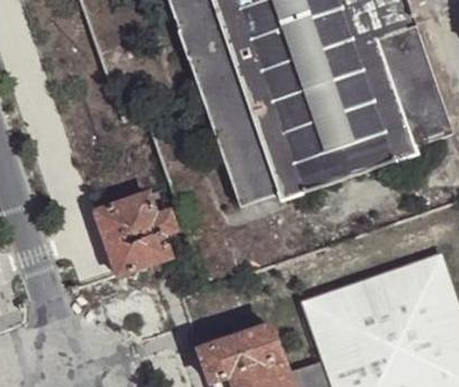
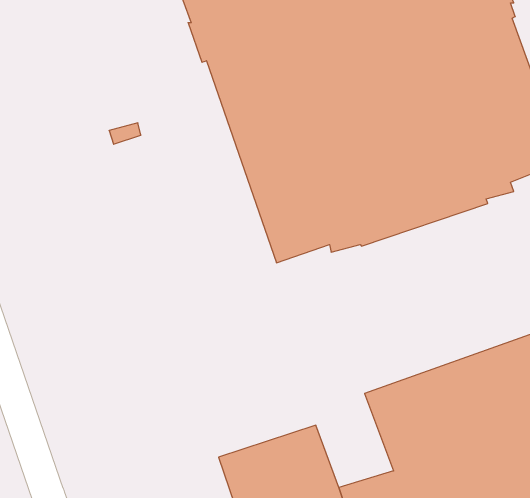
building: [96,191,176,272] -> none

